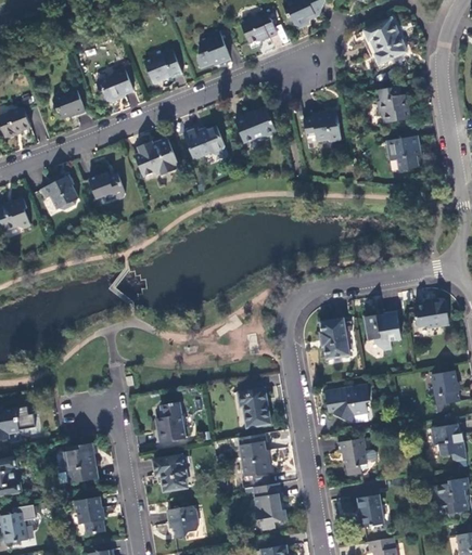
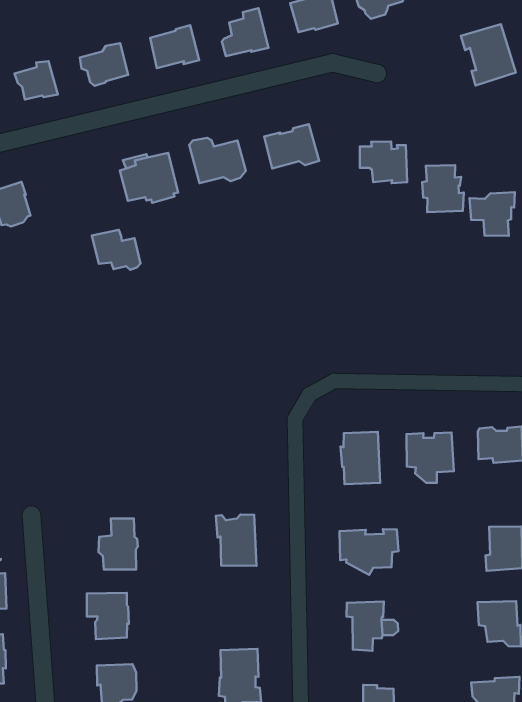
building: [377,88,408,124] -> [422,165,464,212]
building: [88,173,125,202] -> [92,230,140,270]
building: [238,434,270,477] -> none

